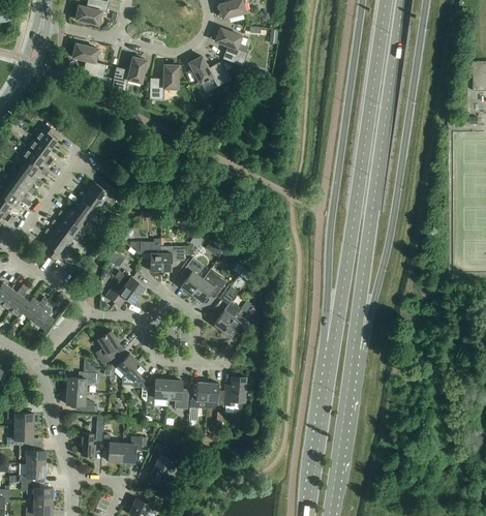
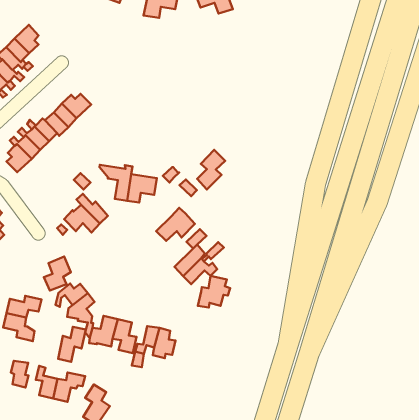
building: [181,257,204,295] -> [197,150,225,190]
building: [223,376,250,405] -> [198,276,230,307]
building: none -> [58,327,86,362]

